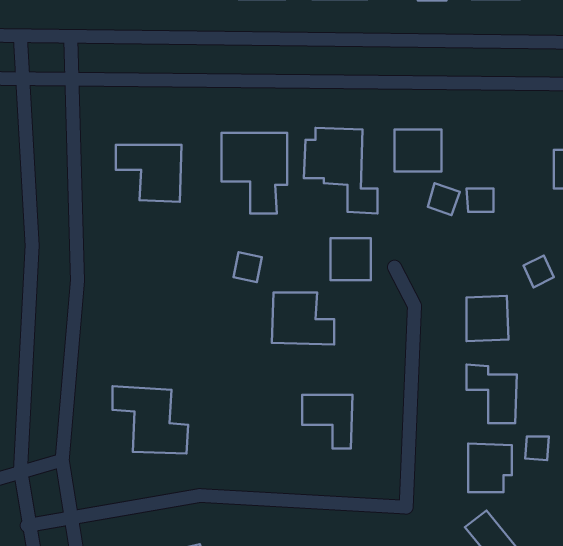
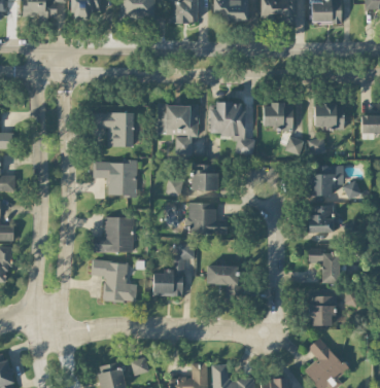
building: none -> [315,104,345,129]
building: none -> [94,162,138,195]
building: none -> [312,165,344,196]
building: [330,238,371,280] -> [193,165,217,190]
building: none -> [96,217,134,252]
building: none -> [153,244,195,296]

